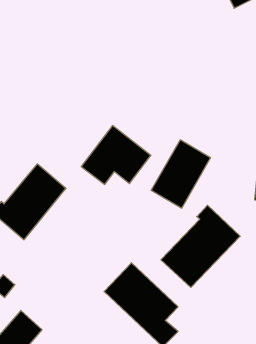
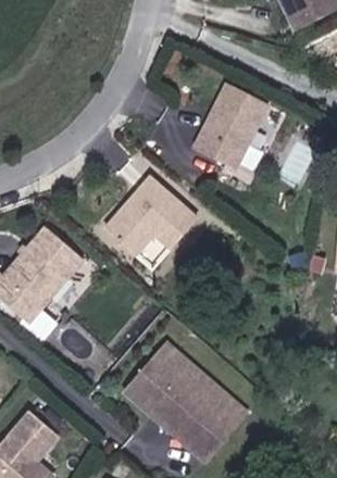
building: [151,140,211,208] -> [196,79,272,166]
building: [161,205,240,287] -> none

